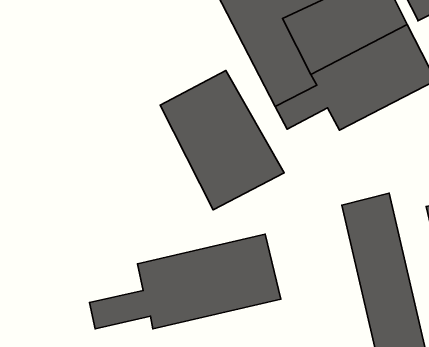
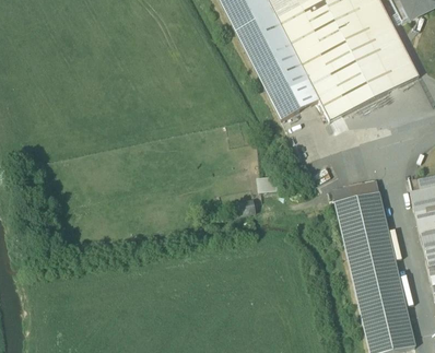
building: [160,70,284,210] -> none
building: [89,234,281,329] -> none

